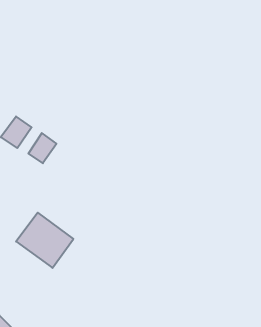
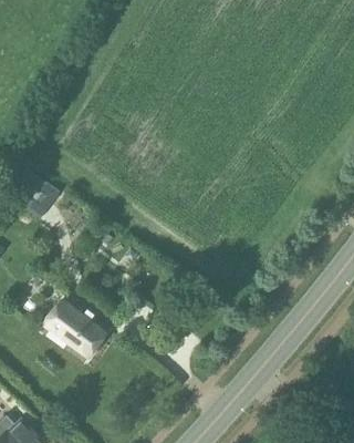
building: [28,133,56,163] -> none

